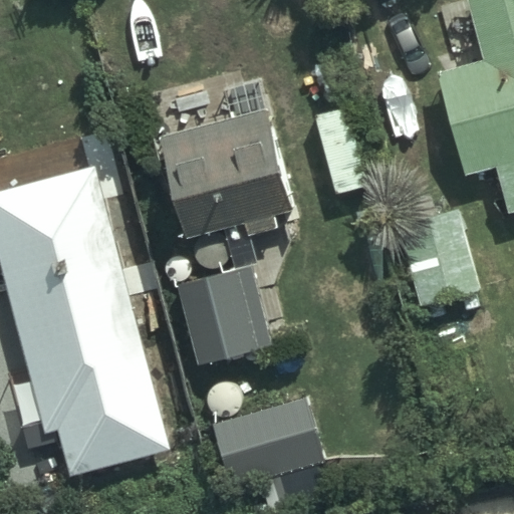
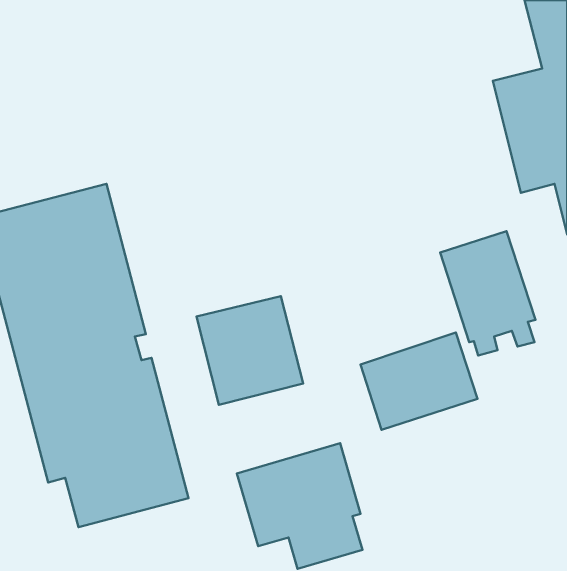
building: [142,68,292,238] -> none
building: none -> [361,333,477,430]

